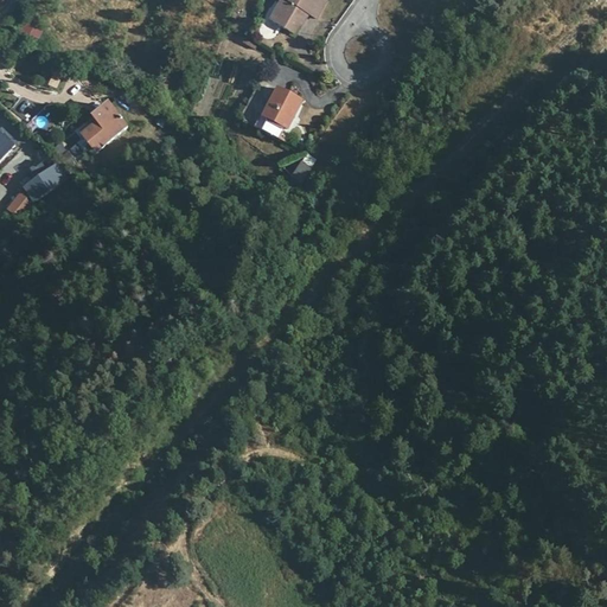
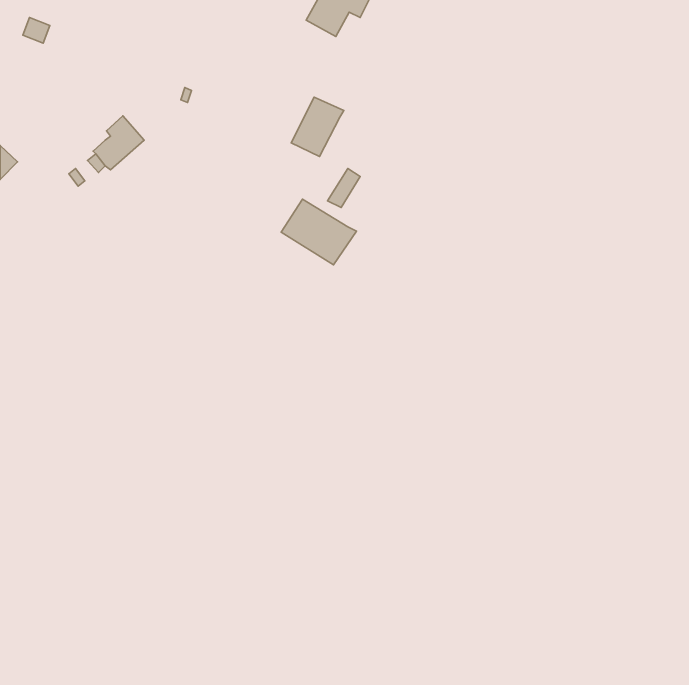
building: [7,160,68,213] -> none
building: none -> [281,199,356,265]

